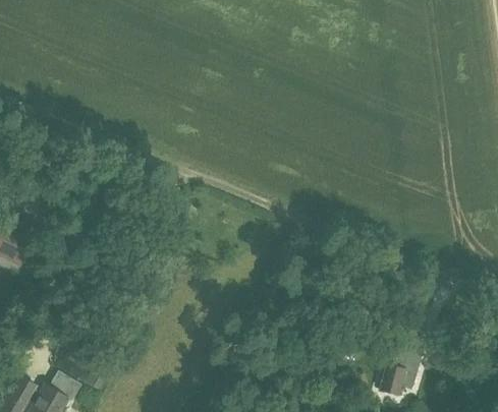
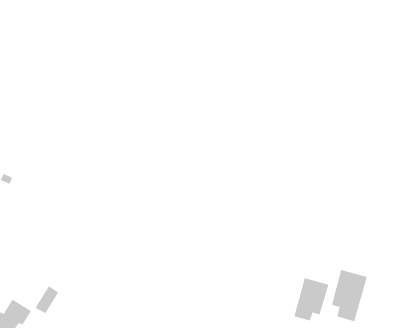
building: none -> [332,269,367,322]

